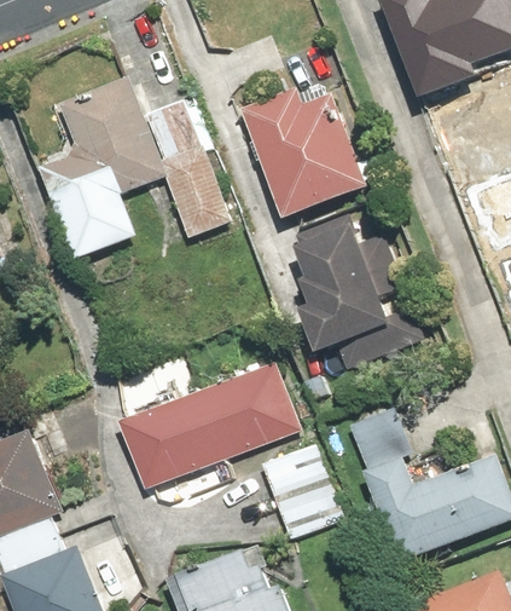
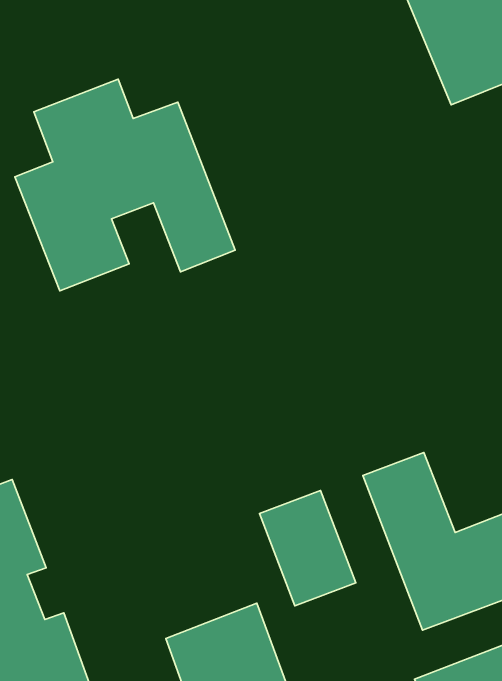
building: [238,69,370,221] -> none
building: [280,203,408,362] -> none
building: [115,359,298,490] -> none

